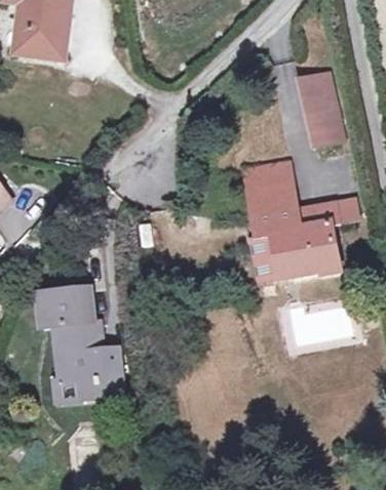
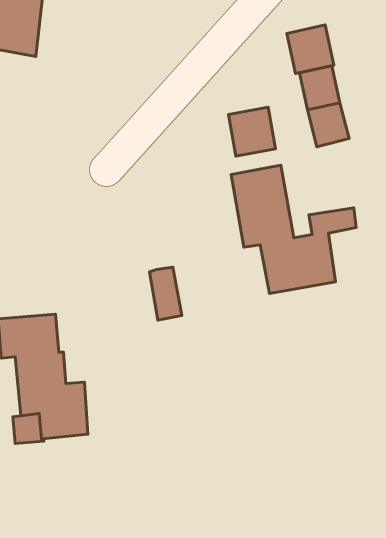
building: none -> [287,25,334,74]
building: none -> [228,107,276,156]
building: [247,230,276,277] -> [150,267,182,320]

